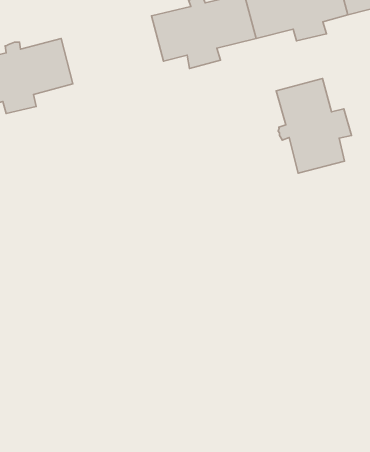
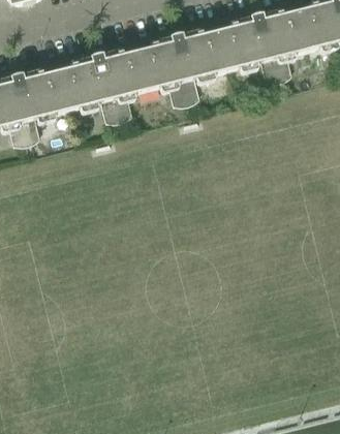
building: none -> [58,49,147,111]
building: [276,79,351,173] -> none

